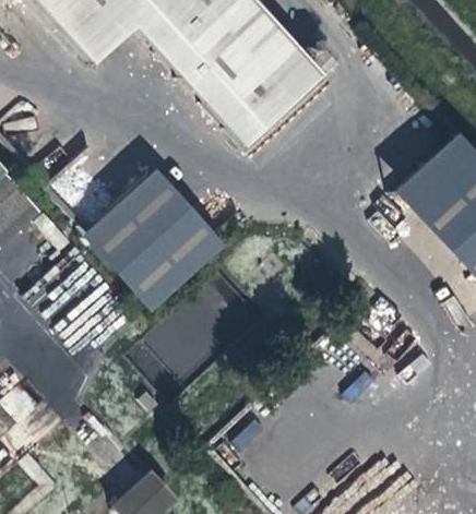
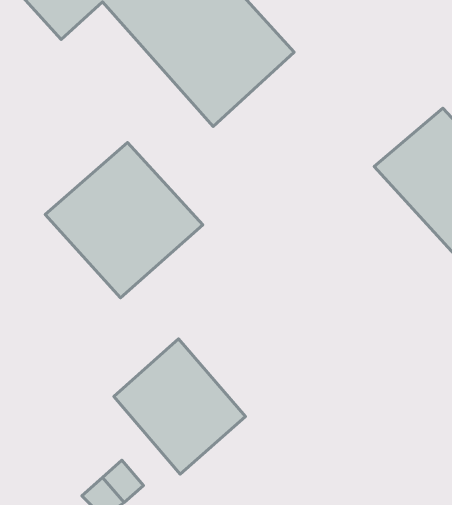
building: none -> [114,339,246,474]

